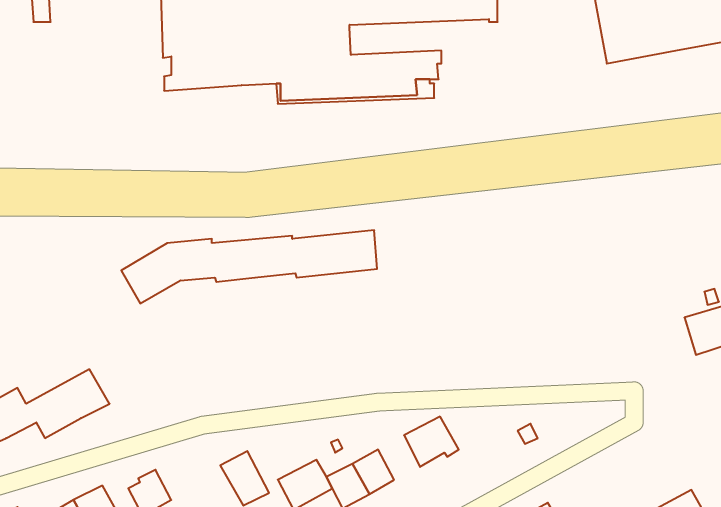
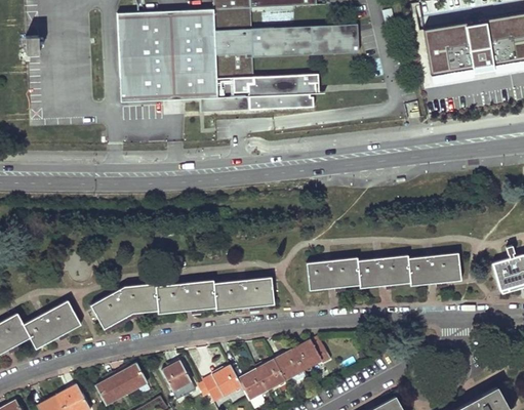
building: [121,230,377,303] -> [91,278,274,330]
building: none -> [307,253,461,291]
building: none -> [274,348,304,380]
building: none -> [115,364,150,395]

